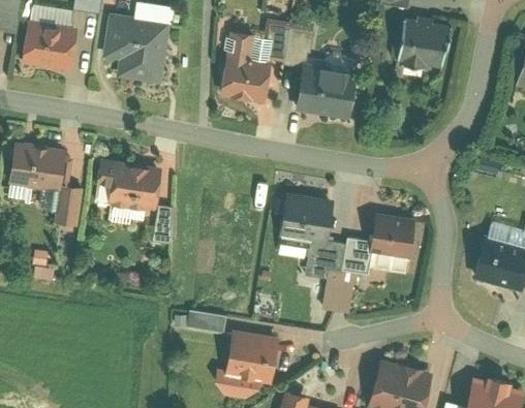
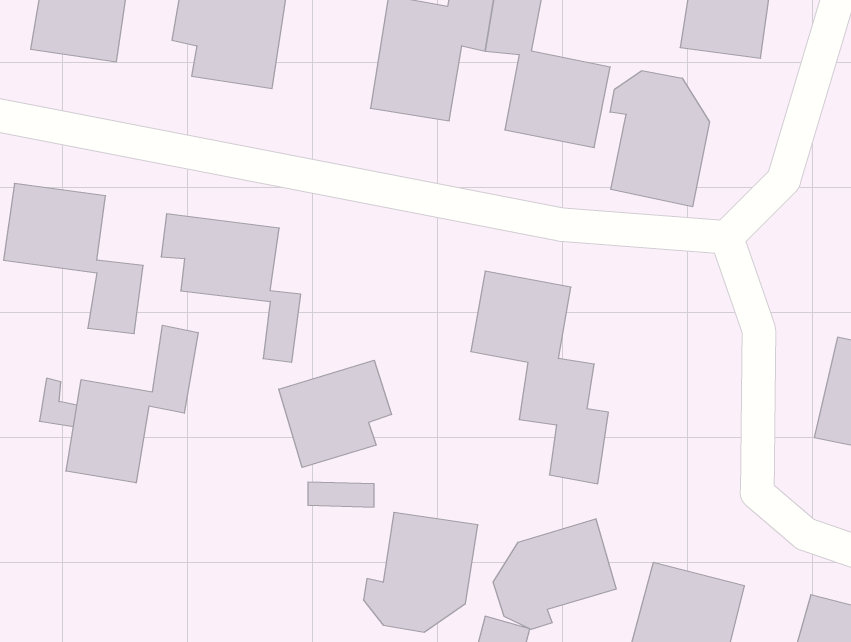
building: none -> [610,71,710,207]
building: [344,215,414,274] -> none
building: none -> [66,325,198,483]
building: none -> [279,360,392,467]
building: none -> [493,519,616,629]

